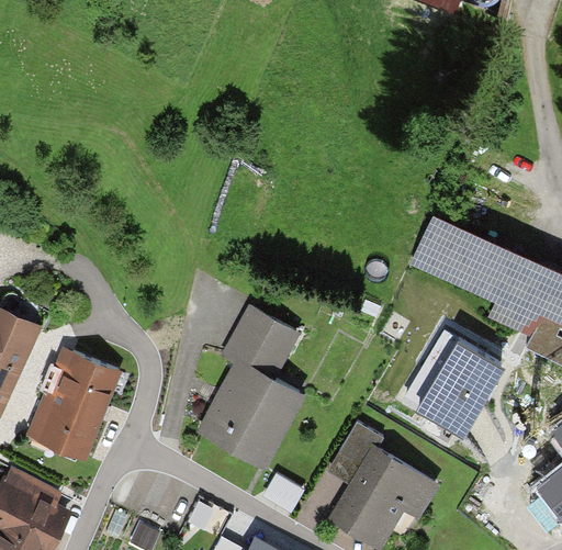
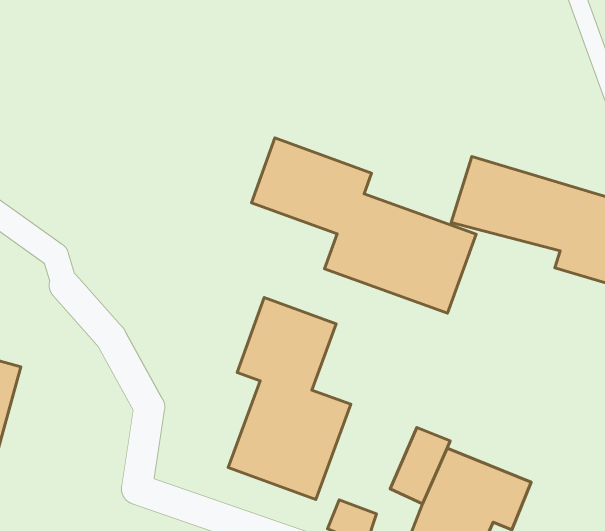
building: none -> [251,138,476,313]
building: [407,327,507,430] -> none
building: [26,349,119,461] -> none

